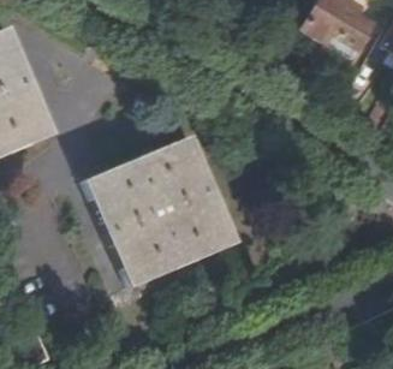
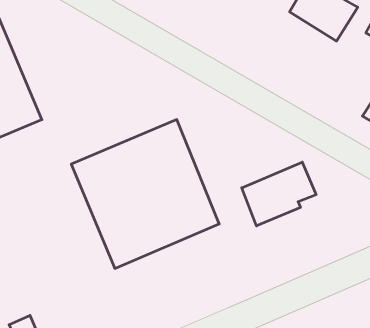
building: none -> [242,162,316,226]

